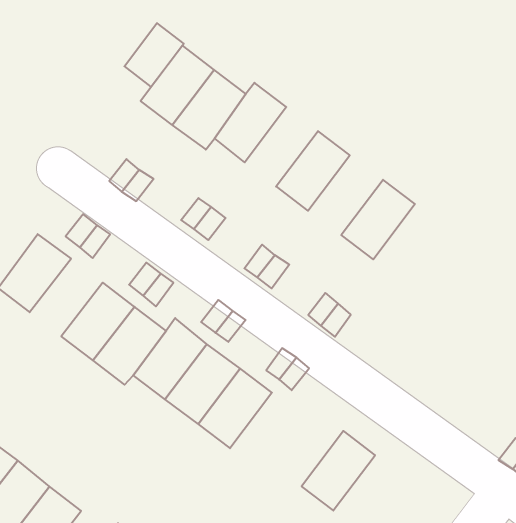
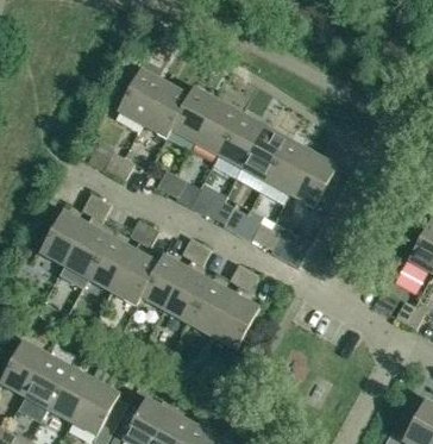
building: [124,23,184,87] -> none
building: none -> [194,100,240,155]
building: none -> [241,126,289,181]
building: none -> [290,152,337,207]
building: none -> [64,224,111,277]
building: [302,431,375,511] -> [213,294,259,349]

